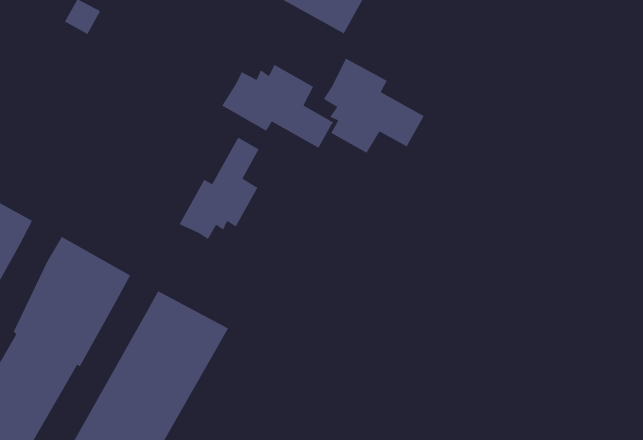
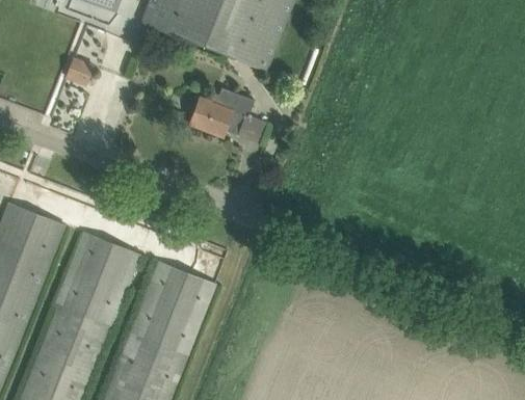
building: [323,58,425,154] -> none
building: [179,137,260,240] -> none

